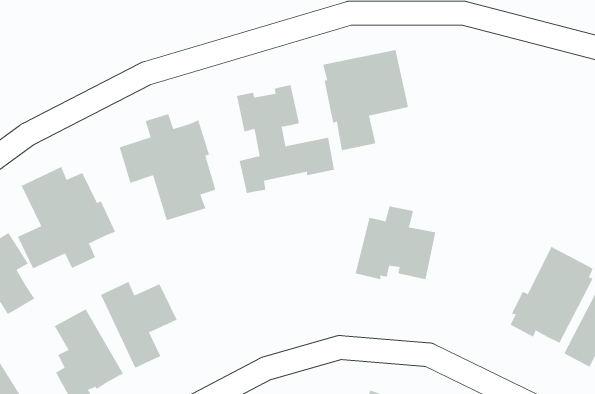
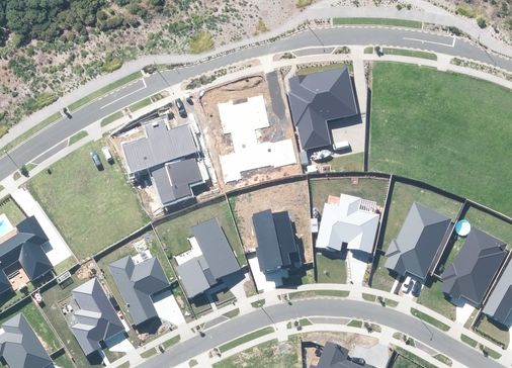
building: [17,166,116,269] -> none
building: none -> [383,201,451,278]
building: none -> [252,209,302,273]
building: none -> [175,216,241,298]

